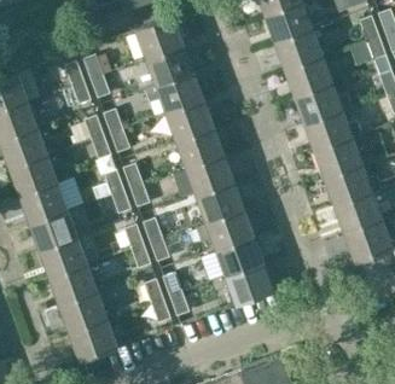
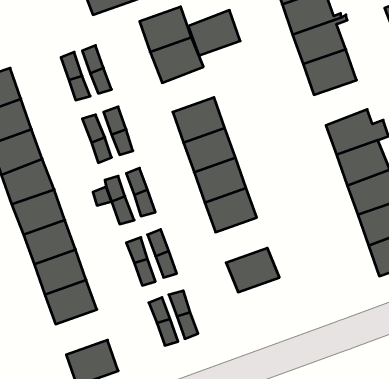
building: [156,72,203,114] -> [188,10,240,56]
building: [294,85,352,126] -> none
building: [204,209,251,250] -> none
building: [225,263,272,306] -> none
building: [59,292,106,333] -> none

